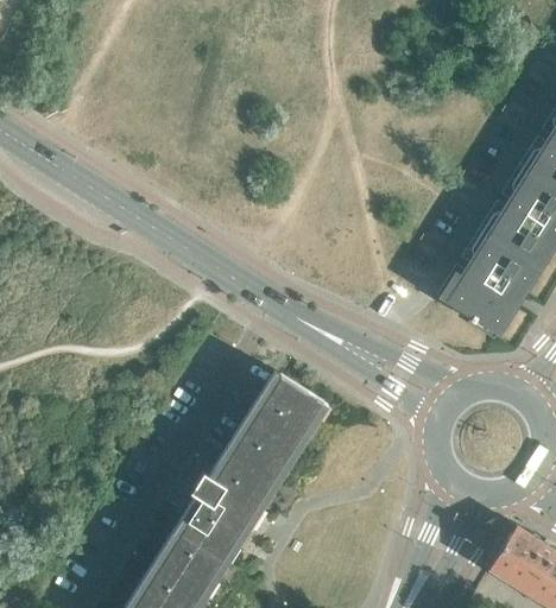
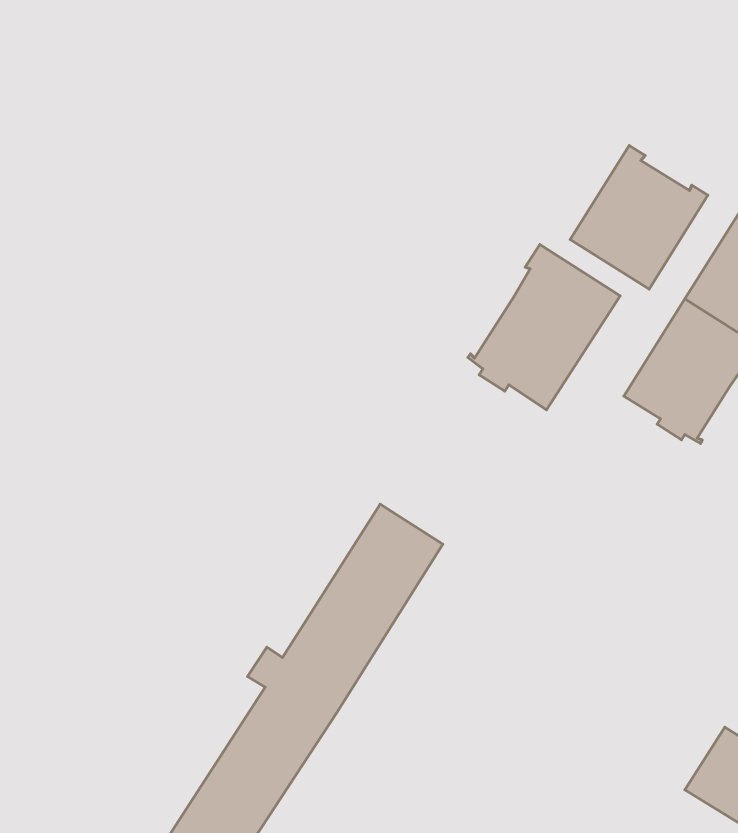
building: none -> [570,145,708,289]
building: none -> [468,244,620,410]

